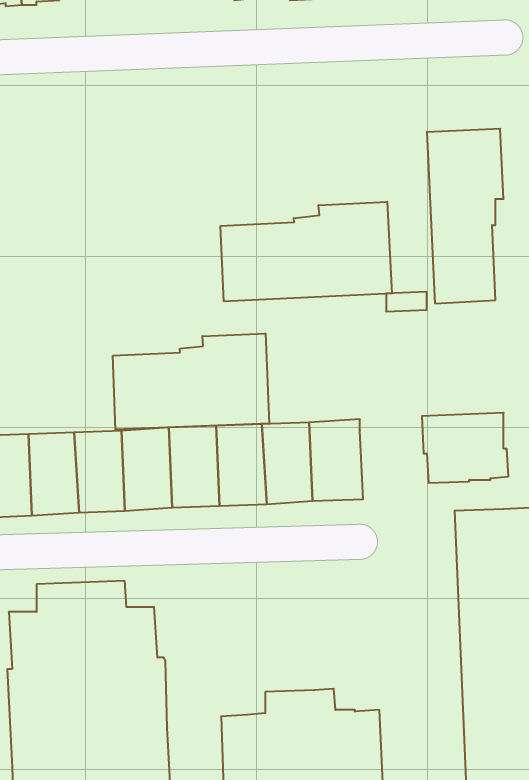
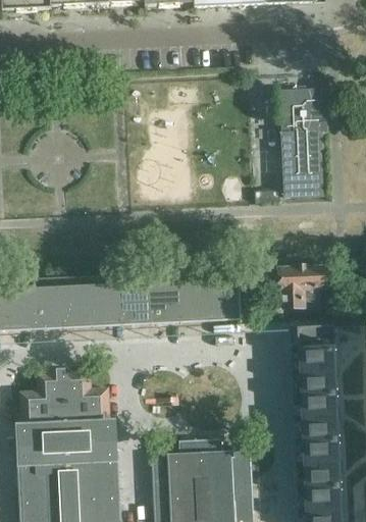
building: [221,202,392,301] -> none
building: [113,333,269,430] -> none

